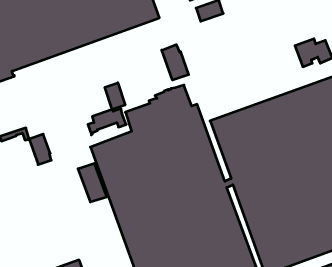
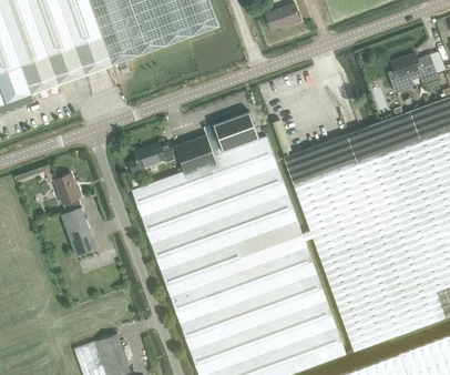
building: [162,45,189,80] -> none
building: [105,83,125,110] -> none
building: [78,163,107,202] -> [61,206,98,255]

